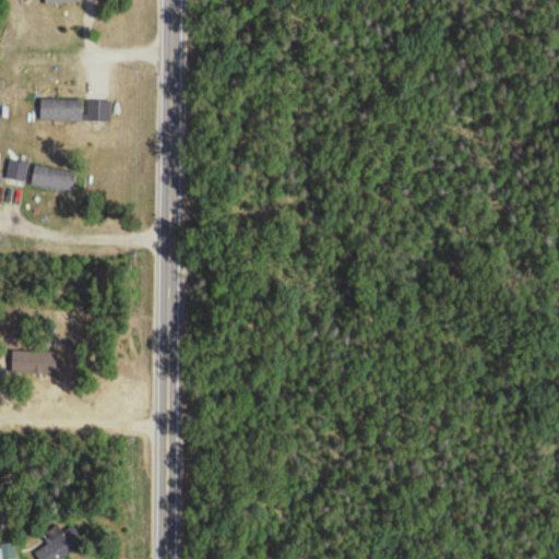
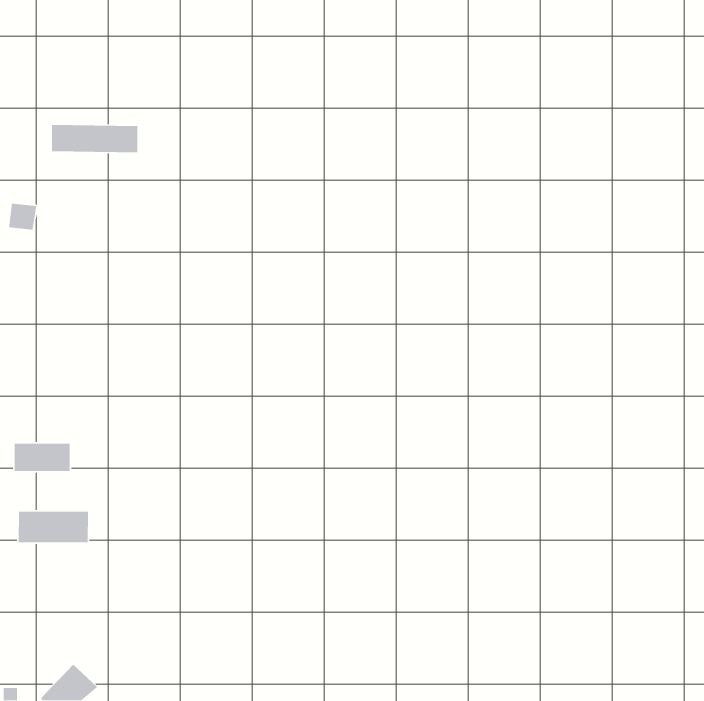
building: [31,165,75,194] -> none
building: none -> [18,511,89,543]

